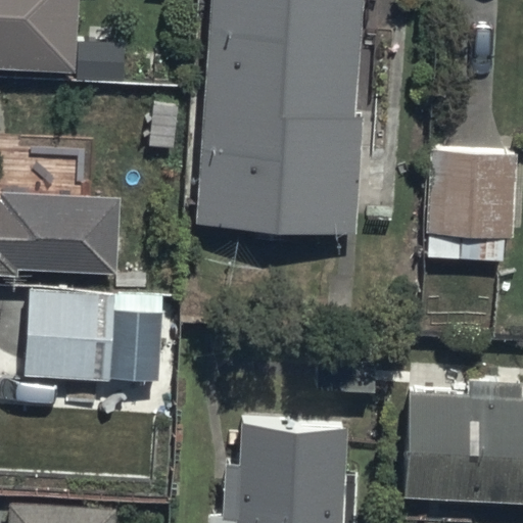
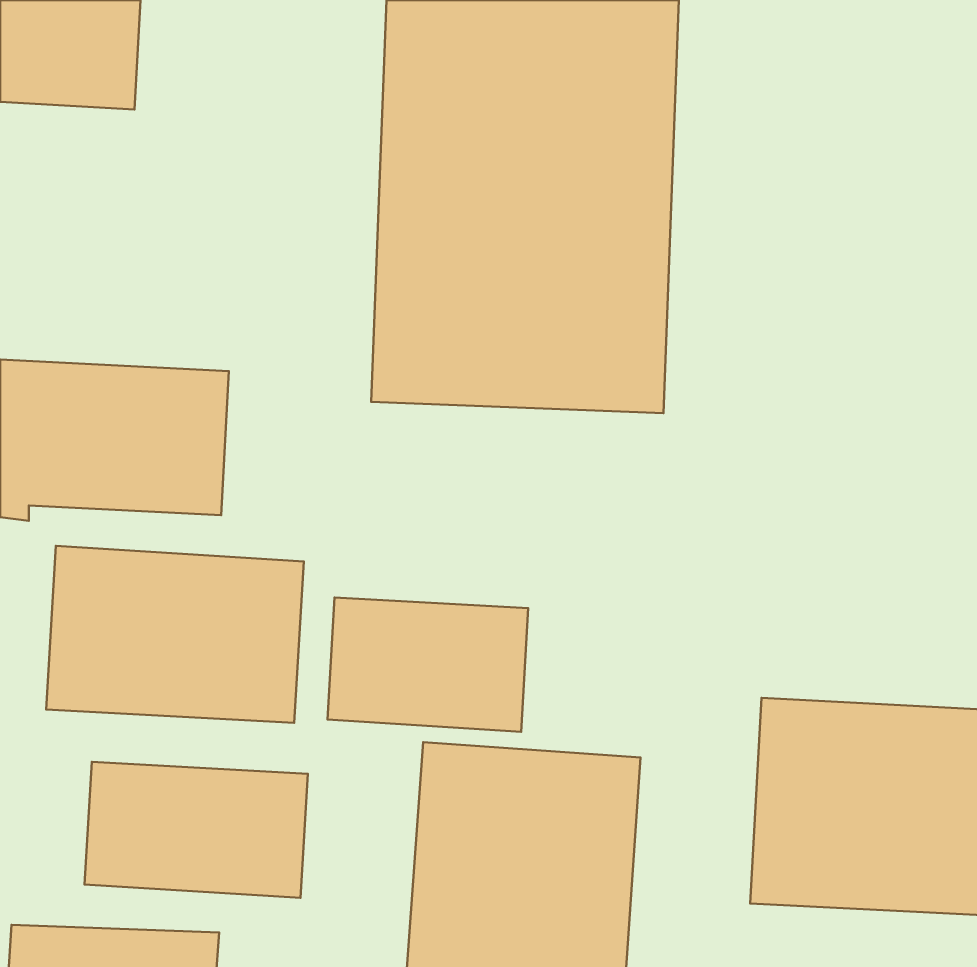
building: [428,141,514,263] -> none
building: none -> [327,597,528,732]
building: none -> [85,762,308,898]

